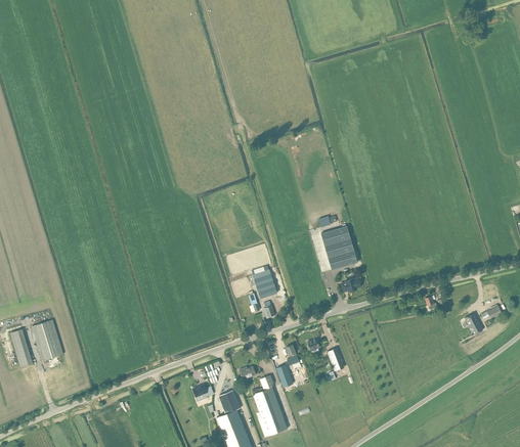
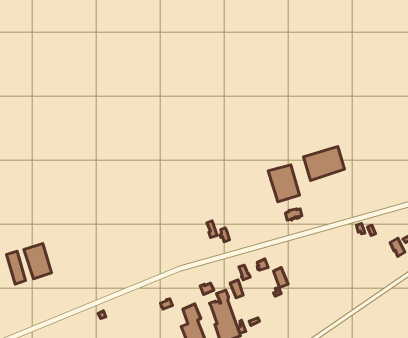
building: none -> [303,147,345,180]
building: [253,269,277,298] -> none

